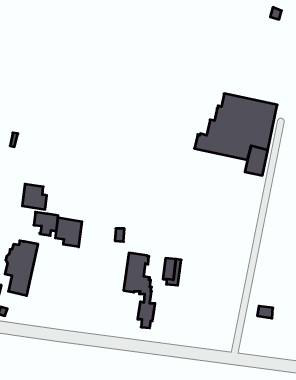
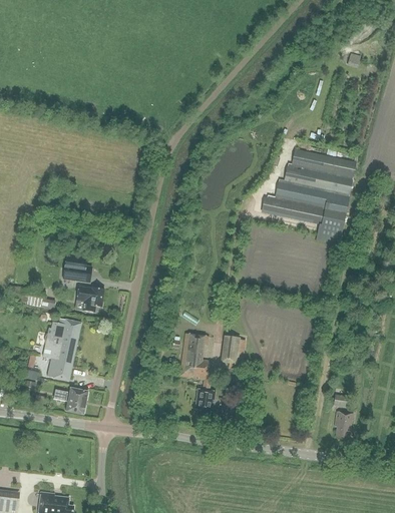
building: [55,218,82,247] -> none
building: none -> [54,387,88,414]
building: none -> [335,411,353,438]

